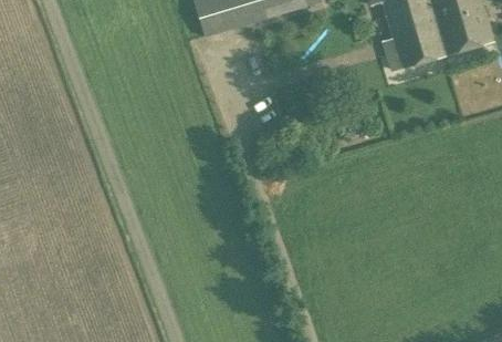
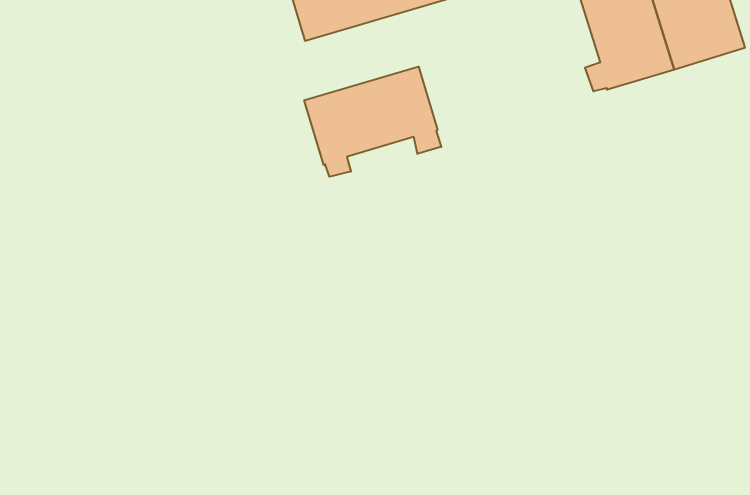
building: none -> [304,67,441,177]

